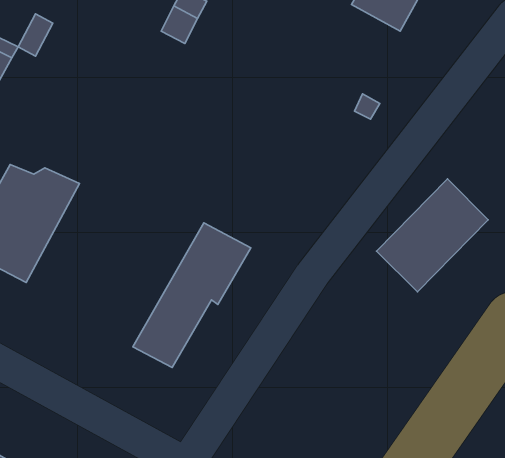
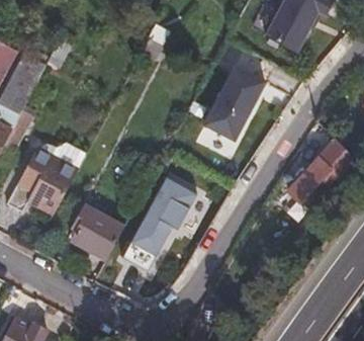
building: none -> [200,65,261,138]
building: none -> [67,204,124,259]

